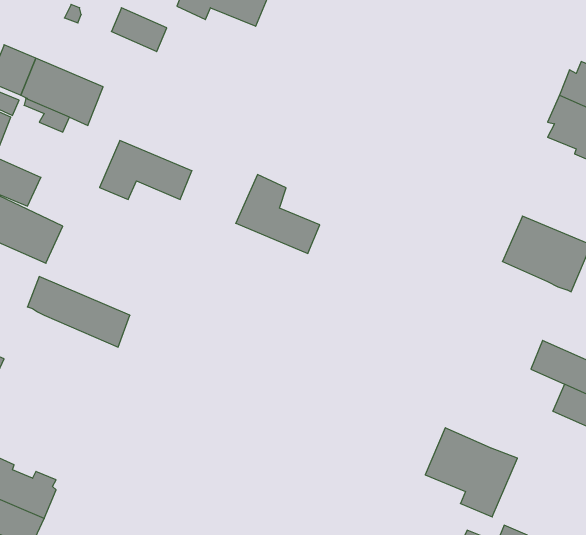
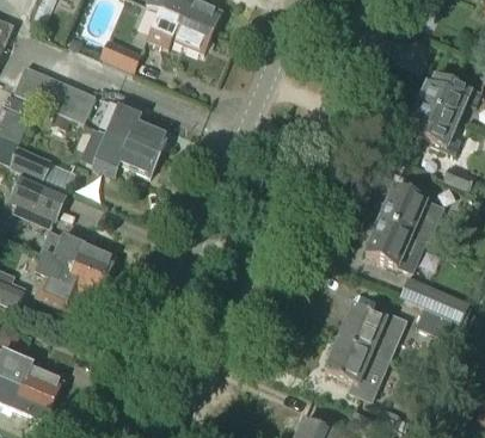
building: [236,175,320,253] -> [106,98,166,154]
building: none -> [364,218,425,272]
building: none -> [35,252,105,309]
building: none -> [338,304,405,358]

